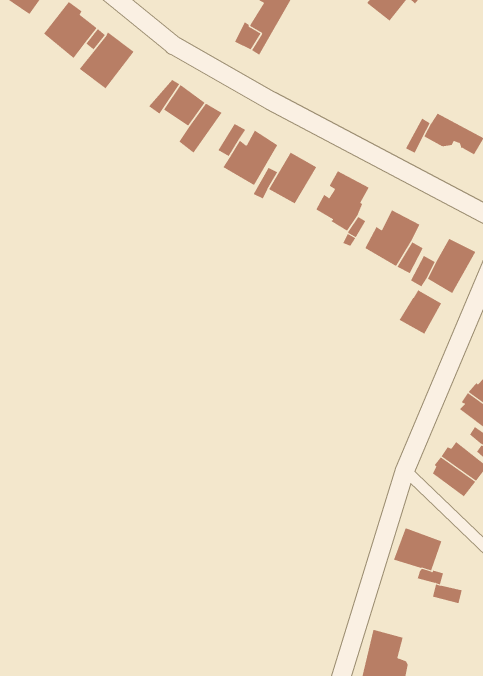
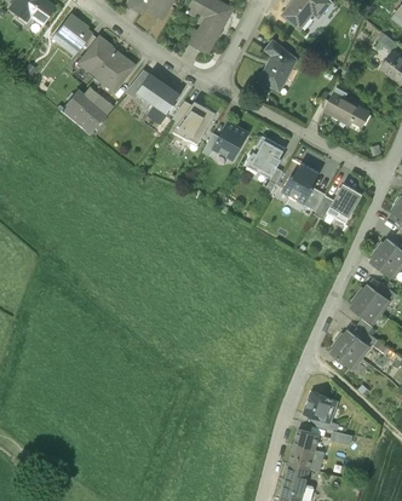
building: none -> [259,41,297,90]
building: none -> [97,51,136,91]
building: none -> [61,91,107,134]
building: [399,289,442,334] -> none
building: none -> [288,428,318,470]

